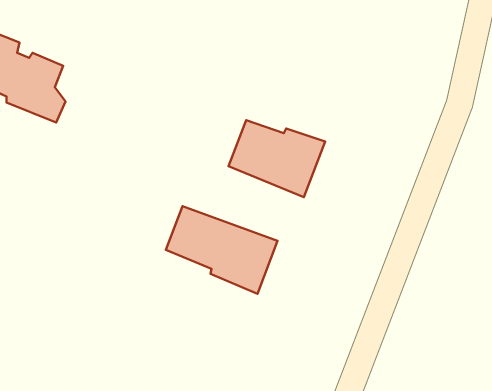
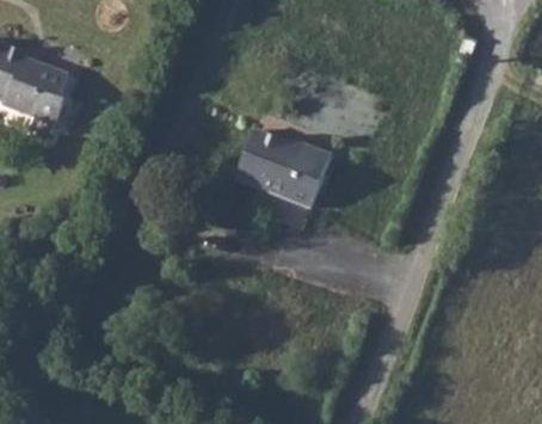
building: [166,206,278,294] -> none

